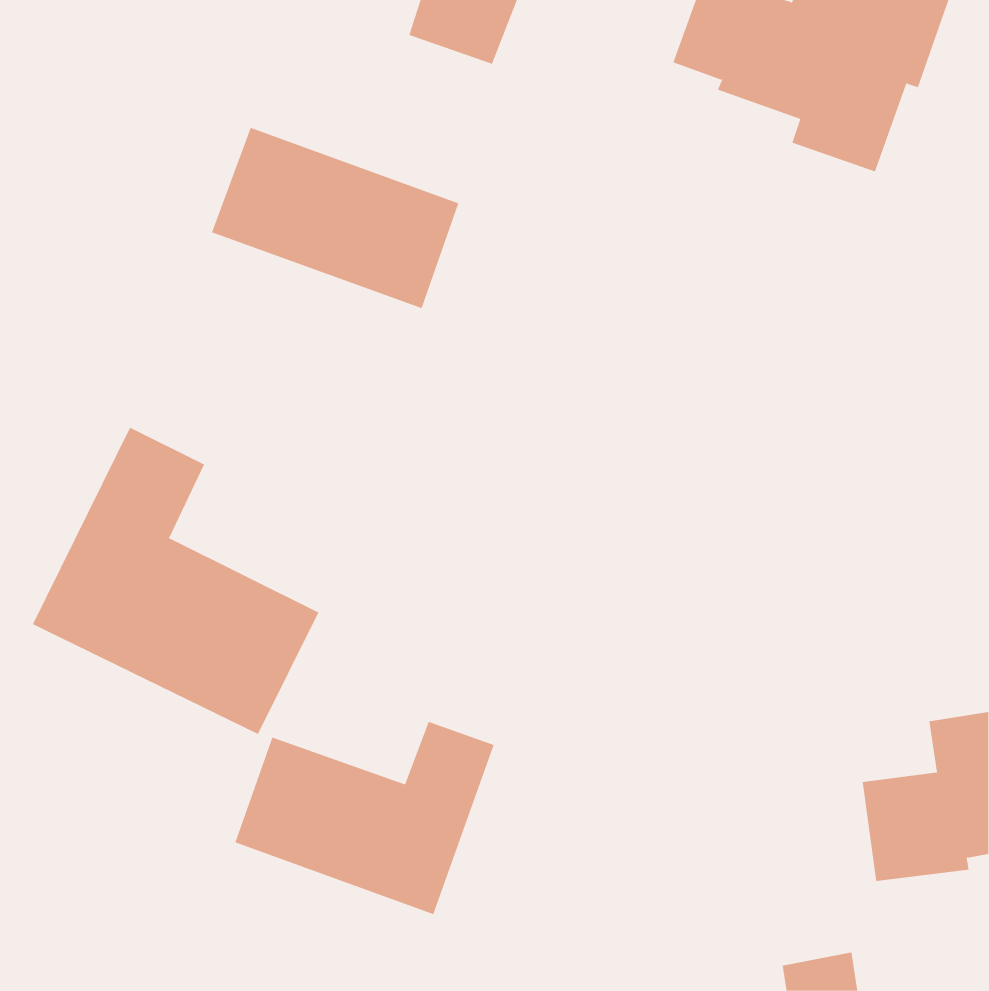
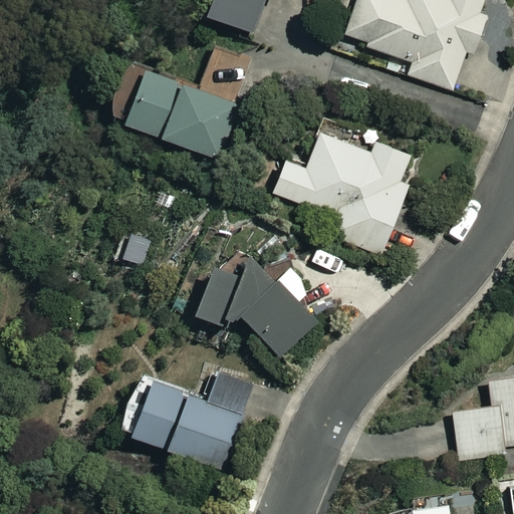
building: none -> [274,134,413,253]
building: [32,427,319,735] -> none
building: none -> [200,262,319,359]

